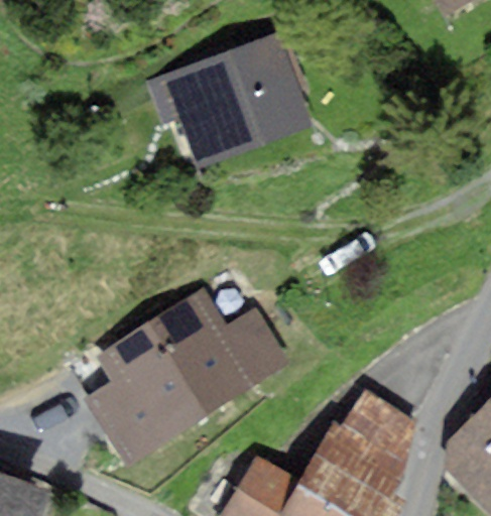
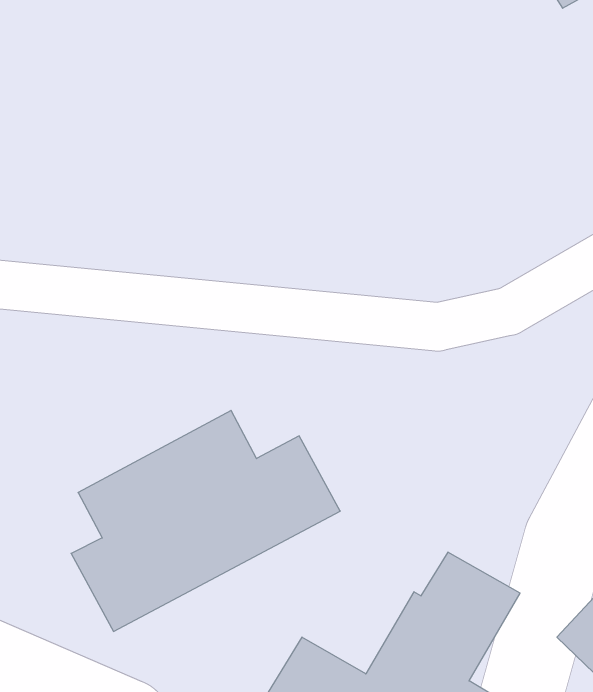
building: [152,36,302,156] -> none

